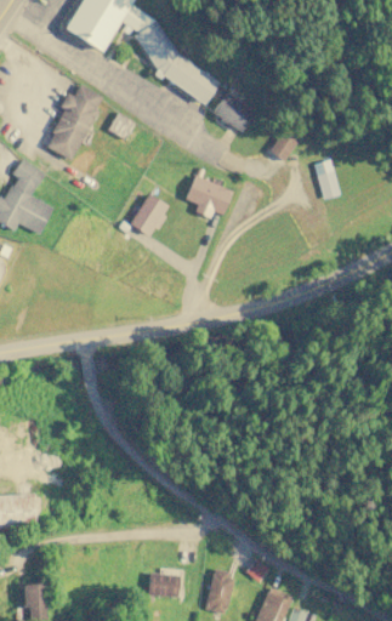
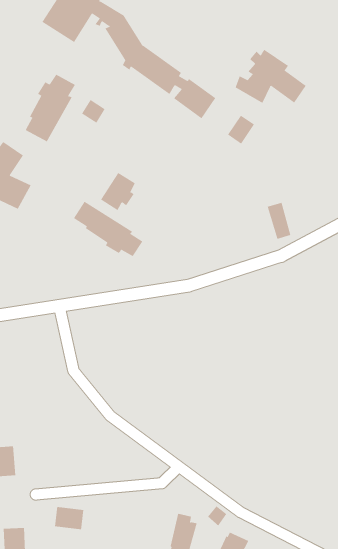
building: none -> [235,49,306,104]
building: [314,159,341,200] -> [267,202,291,240]
building: [186,167,234,218] -> none
building: none -> [73,201,143,257]
building: [148,572,181,598] -> [54,507,84,530]

